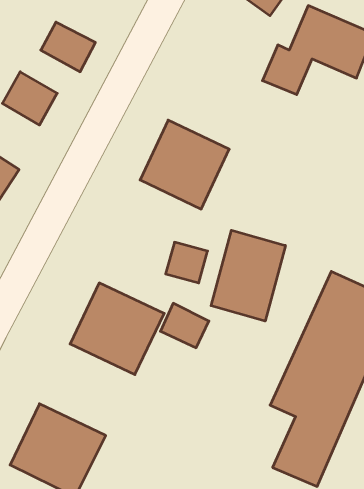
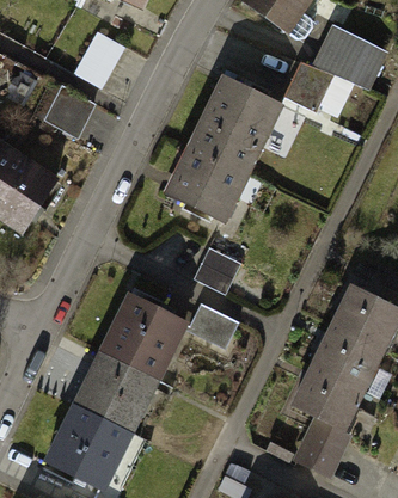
building: none -> [195,79,278,162]
building: [211,230,285,321] -> none
building: none -> [74,345,164,431]

